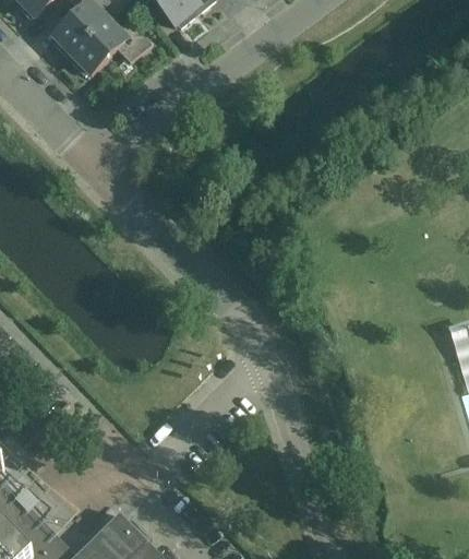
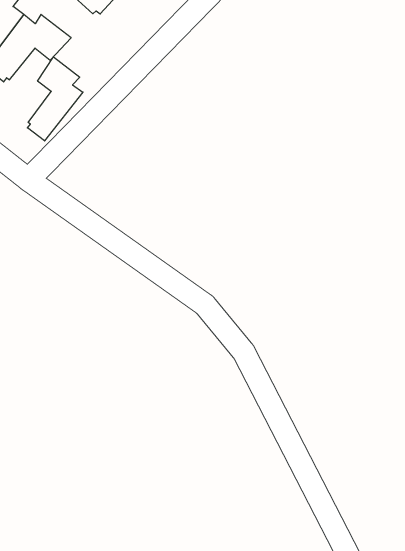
building: none -> [27,57,83,141]

